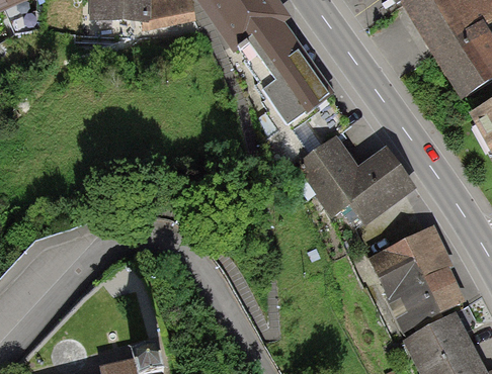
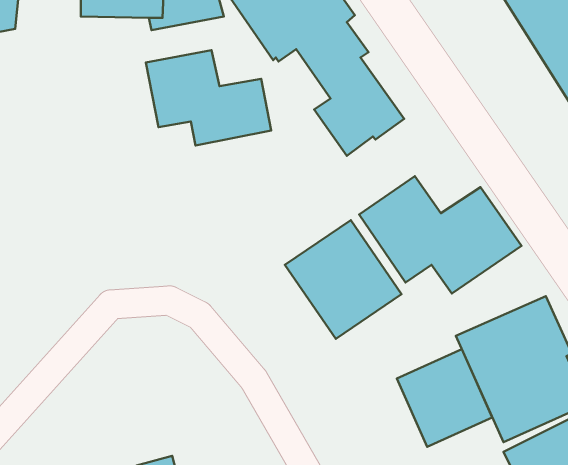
building: none -> [146,50,271,146]
building: none -> [285,220,402,339]
building: none -> [397,349,492,447]

